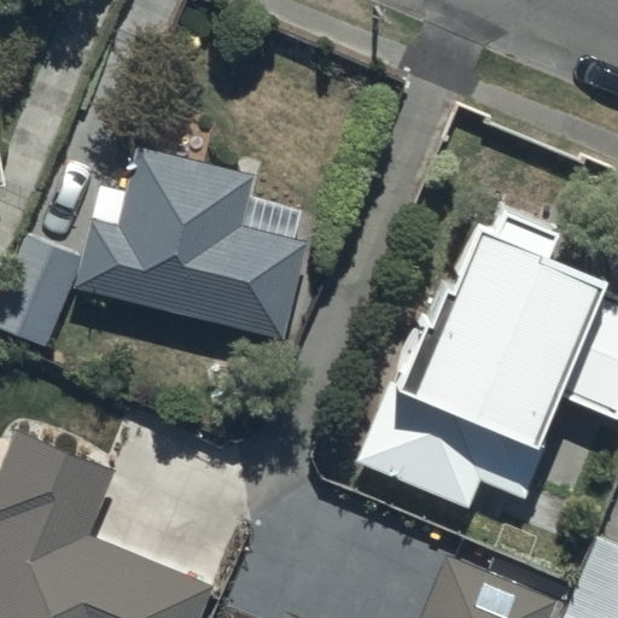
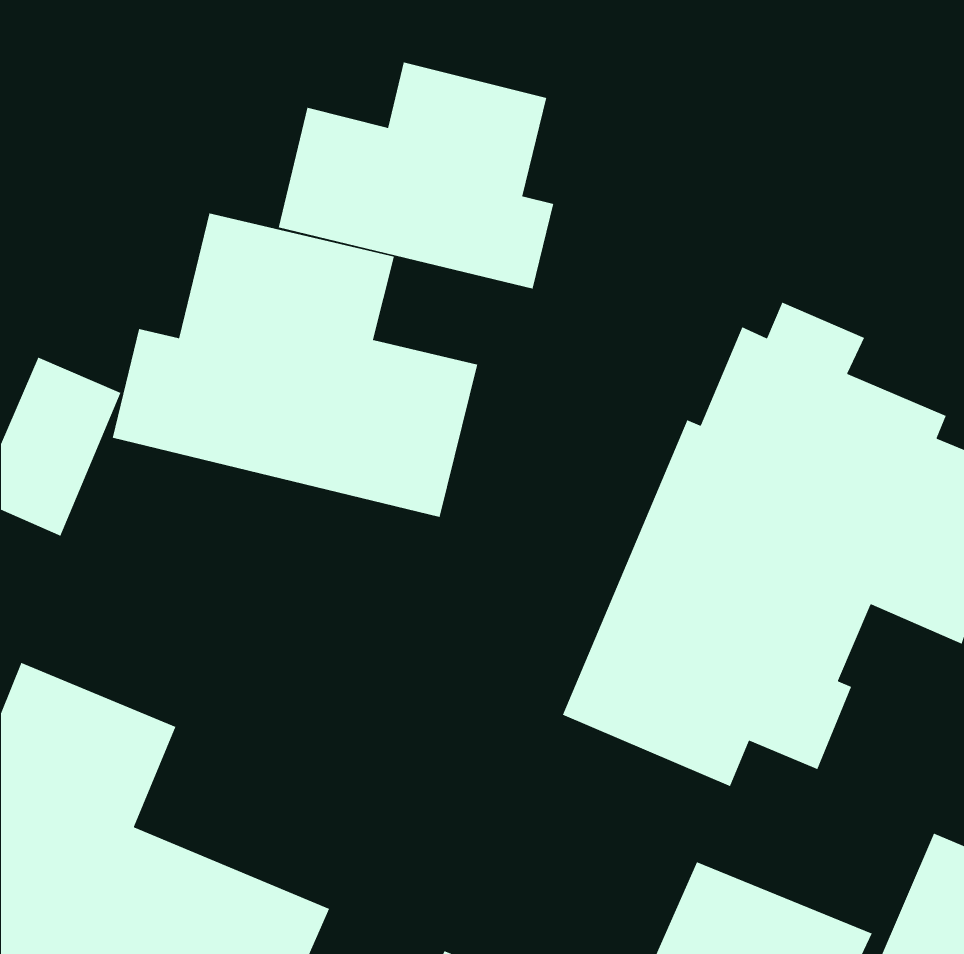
building: none -> [278,61,554,290]

